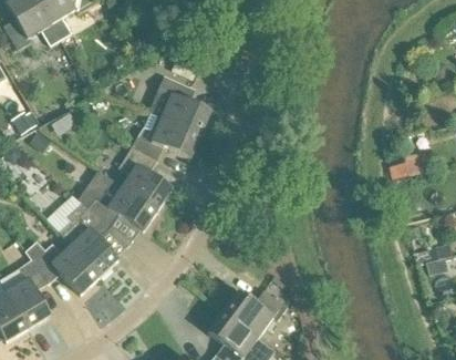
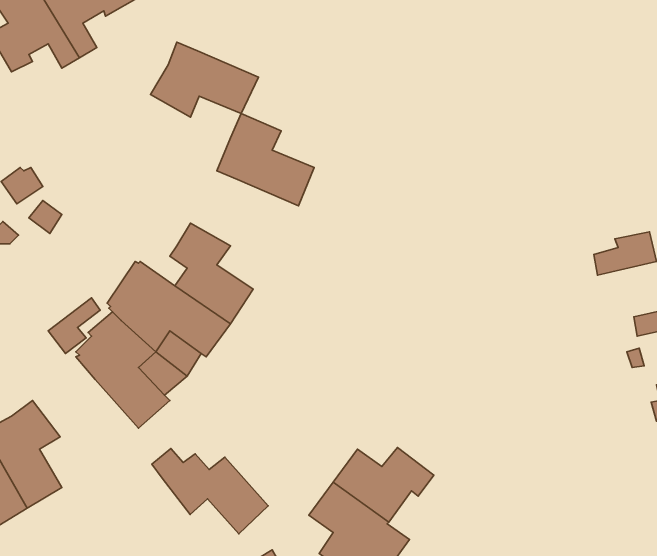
building: [132,114,200,162] -> [151,42,258,117]
building: [24,241,99,296] -> [152,449,268,534]

